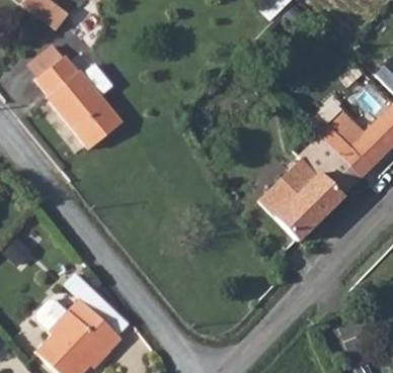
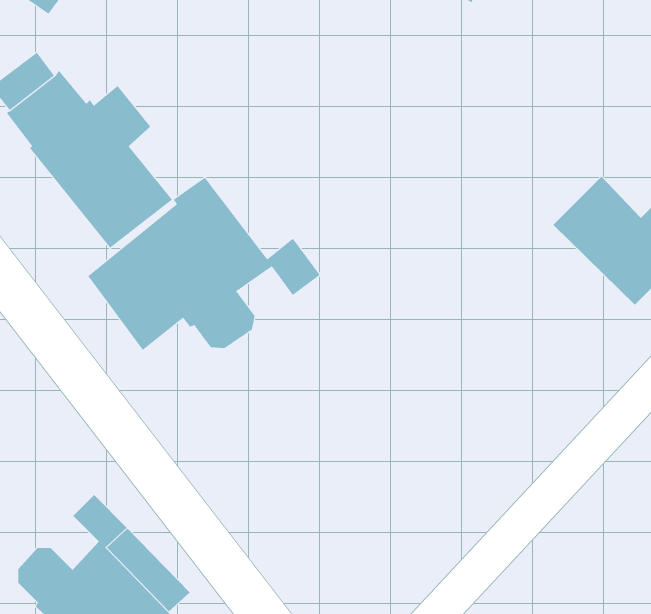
building: none -> [87,177,320,351]
building: [258,127,360,240] -> none

